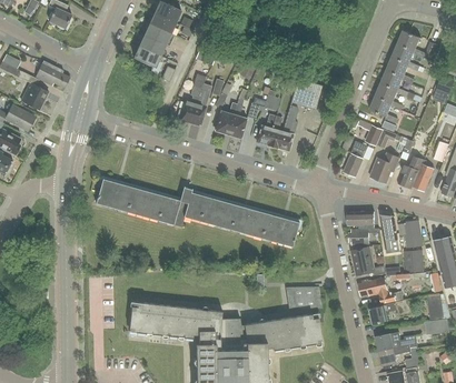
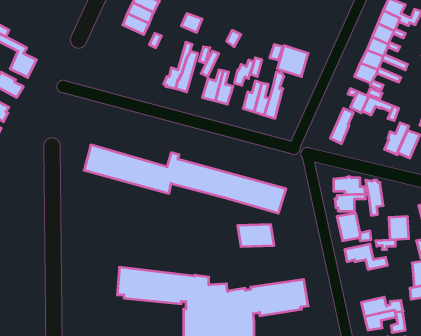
building: [34,61,68,88] -> none
building: [369,152,399,182] -> none
building: [398,220,423,248] -> none
building: [285,286,321,309] -> [238,225,274,247]
building: [369,299,415,323] -> none

